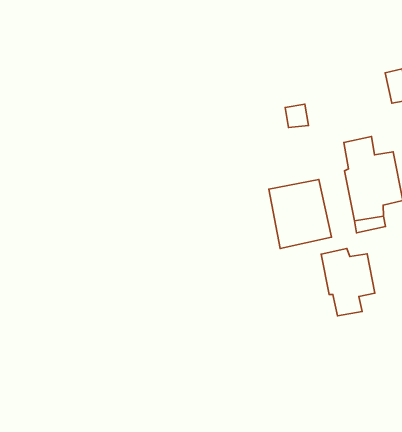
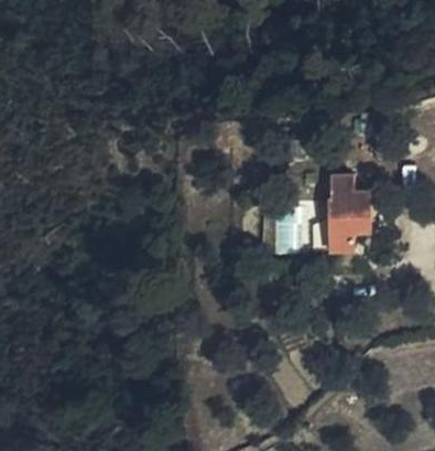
building: [321,248,375,316] -> none

